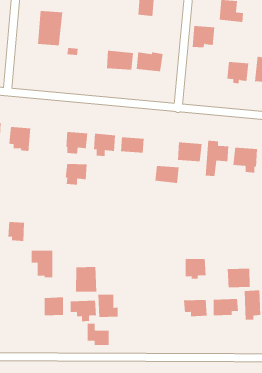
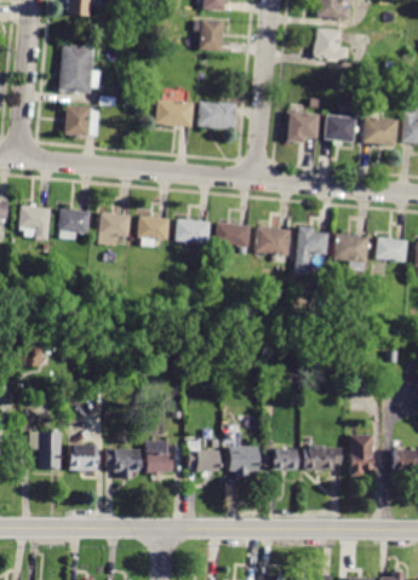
building: [192,25,215,48] -> [288,110,321,142]
building: none -> [65,103,101,136]
building: [65,163,87,185] -> [58,207,90,237]
building: [154,165,180,184] -> [216,222,251,247]
building: [31,250,53,278] -> [29,430,61,469]
building: [185,259,206,279] -> [229,446,259,475]
building: [76,266,97,293] -> none
building: [227,268,250,288] -> none
building: [87,323,109,346] -> [188,440,219,471]

